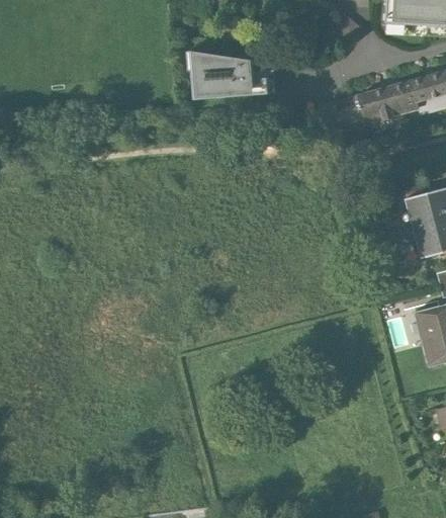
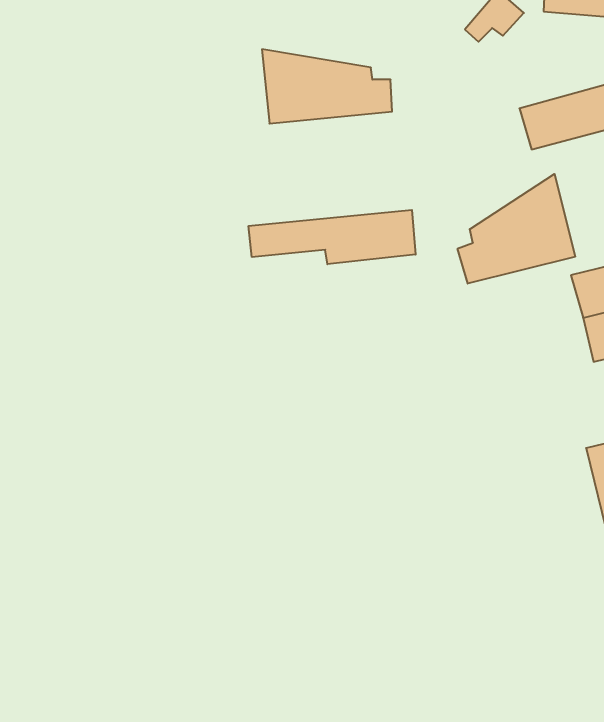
building: none -> [458,174,575,284]
building: none -> [249,210,416,264]

